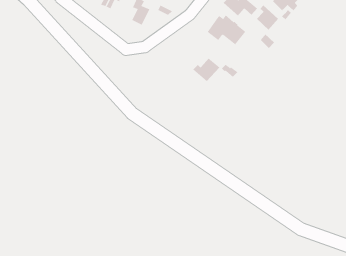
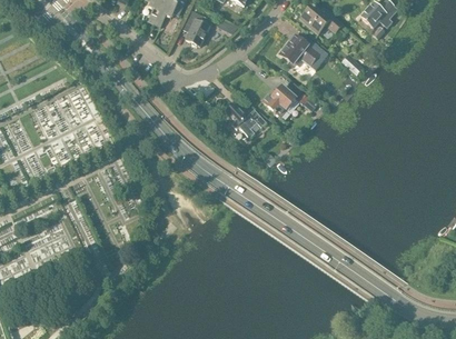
building: [256,4,279,30] -> none
building: none -> [225,103,266,137]

